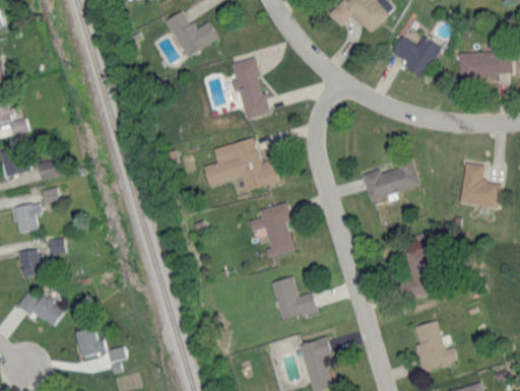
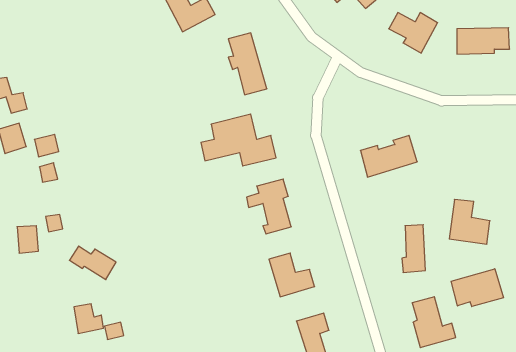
building: [460,164,501,208] -> [449,199,490,244]
building: [14,202,41,233] -> none
building: [17,292,64,326] -> [69,246,116,280]
building: none -> [451,269,503,307]

